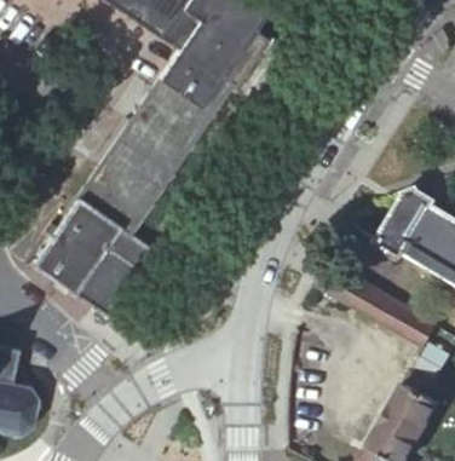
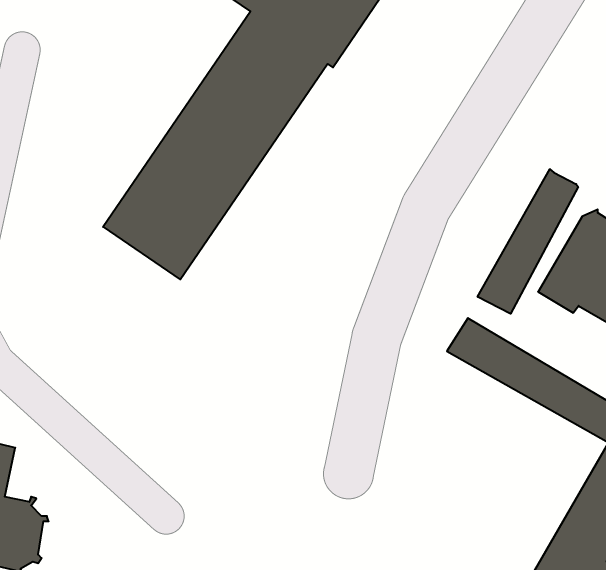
building: none -> [478,169,578,314]
building: [29,198,152,312] -> none

